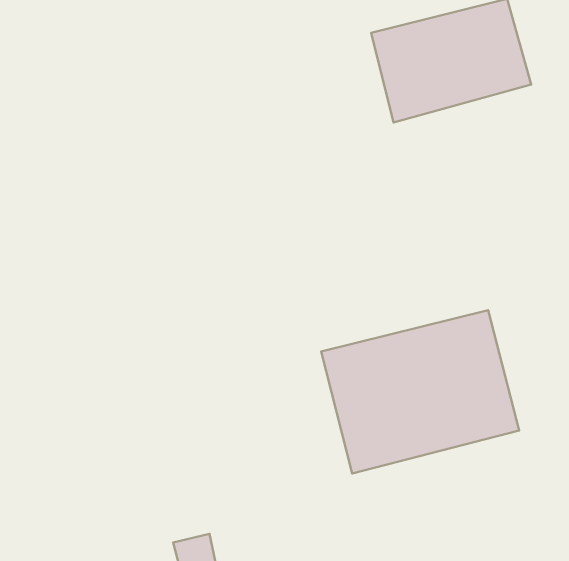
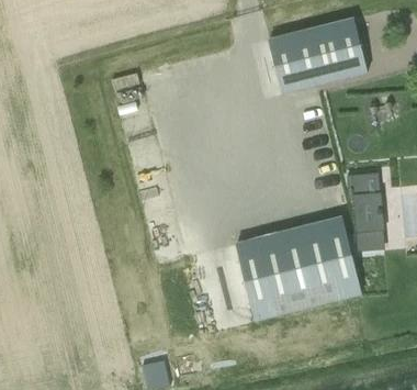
building: none -> [351,171,383,249]

